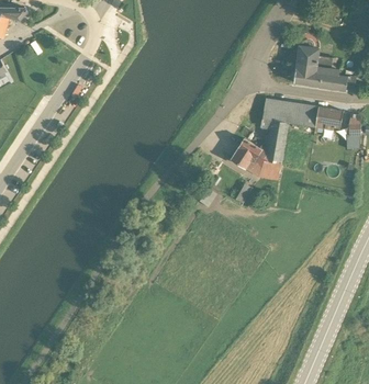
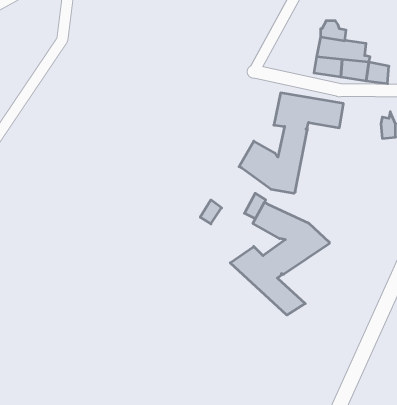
building: [313,106,342,133] -> none
building: none -> [230,202,329,315]

